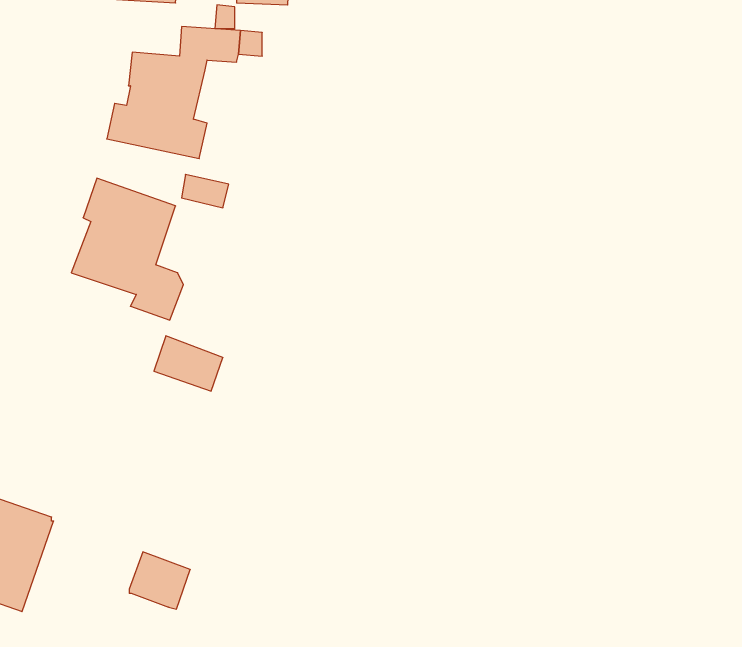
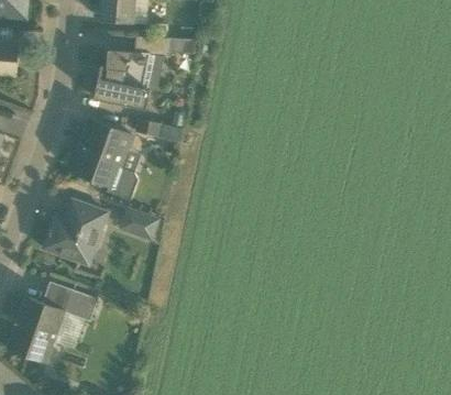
building: none -> [42,199,107,261]
building: [129,552,190,609] -> [63,288,97,320]

